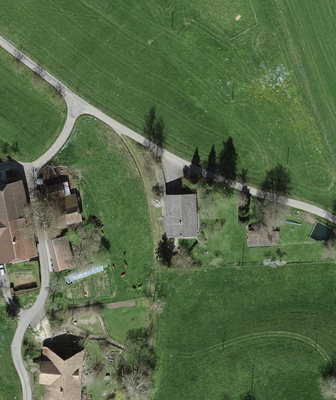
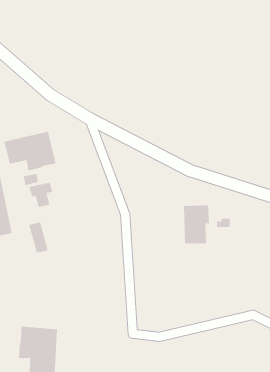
building: none -> [4,131,56,171]
building: [166,195,194,236] -> [183,205,210,244]

